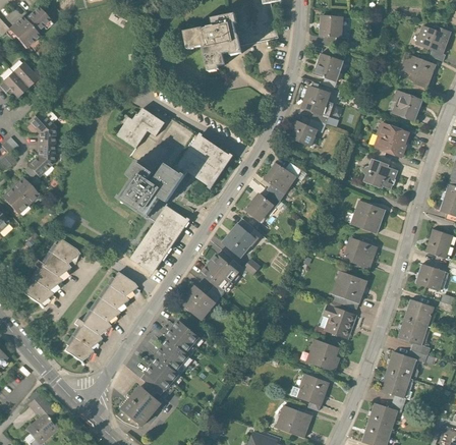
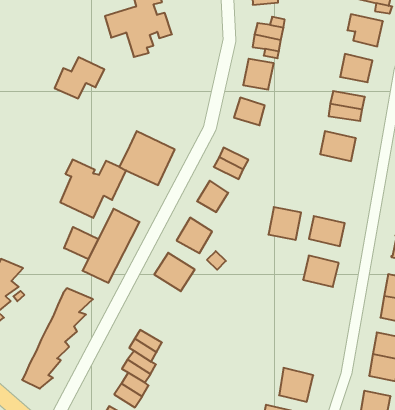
building: [118,106,166,144] -> [55,57,104,98]
building: [351,200,384,232] -> [268,207,301,240]
building: none -> [64,227,98,259]
building: [179,283,214,318] -> none
building: [325,302,356,338] -> none
building: [306,339,340,371] -> none

